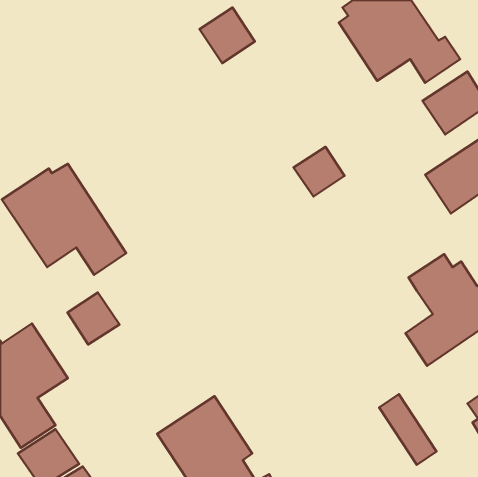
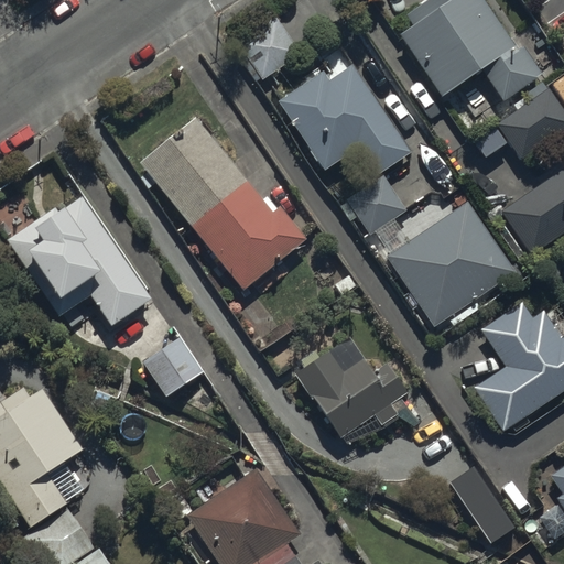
building: none -> [275,64,411,176]
building: none -> [139,116,300,286]
building: none -> [387,204,514,327]
building: [68,293,119,344] -> [144,337,205,398]
building: none -> [296,350,409,438]

